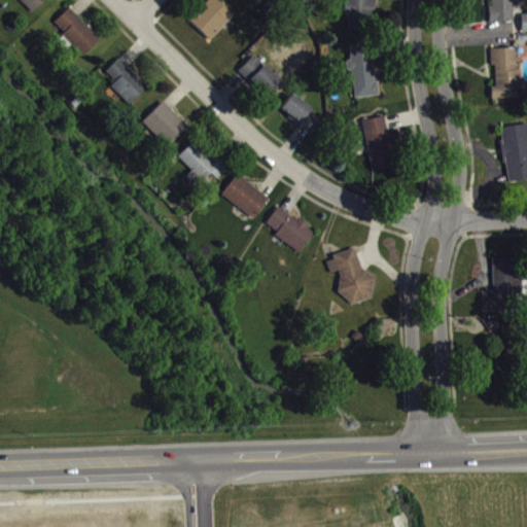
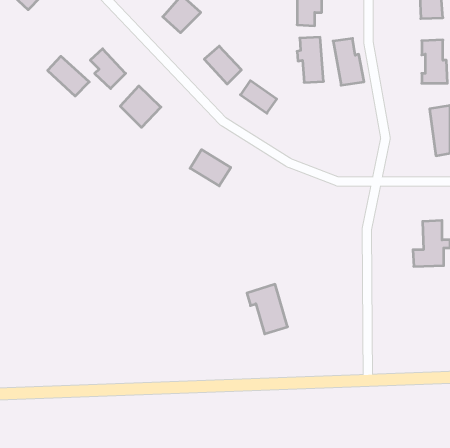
building: [52,7,101,54] -> [48,56,89,96]
building: [362,115,398,170] -> [333,38,364,85]
building: [178,137,226,187] -> none
building: [266,205,314,251] -> none
building: [325,247,373,305] -> [247,284,288,334]

